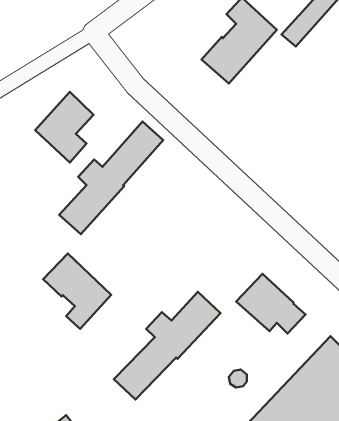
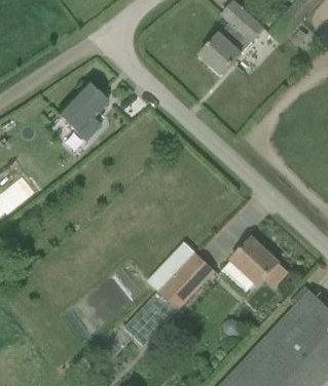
building: [59,122,163,234] -> none
building: [43,254,111,329] -> none

